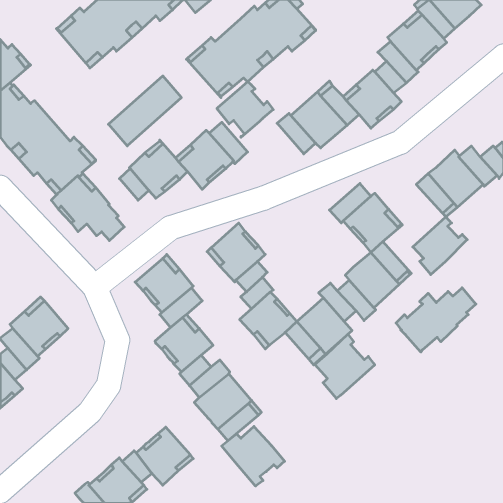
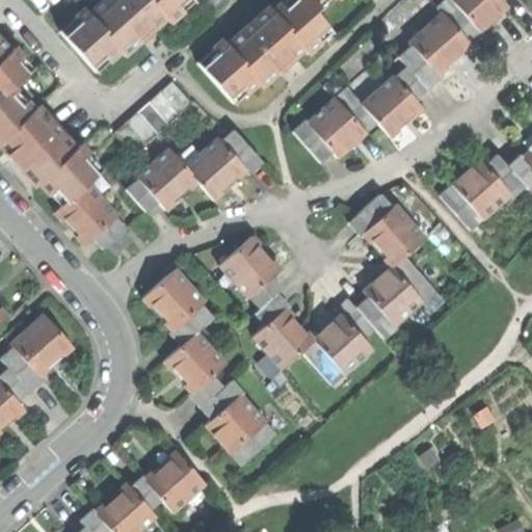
building: [217,82,273,137] -> none
building: [413,217,467,275] -> none
building: [396,288,476,352] -> none
building: [315,334,375,399] -> none
building: [222,426,285,486] -> none

